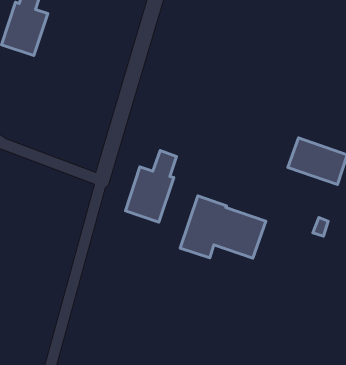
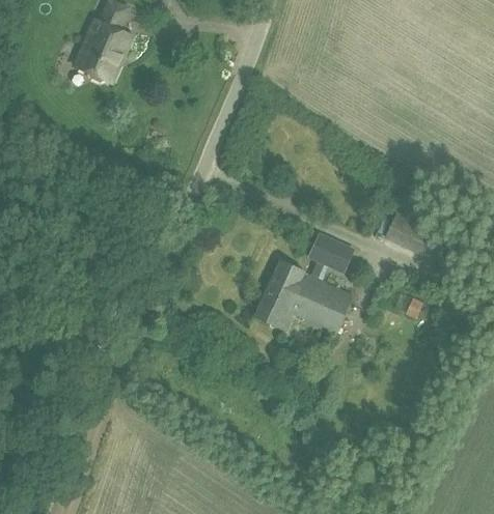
building: [125,150,176,222] -> none
building: none -> [308,233,353,272]

